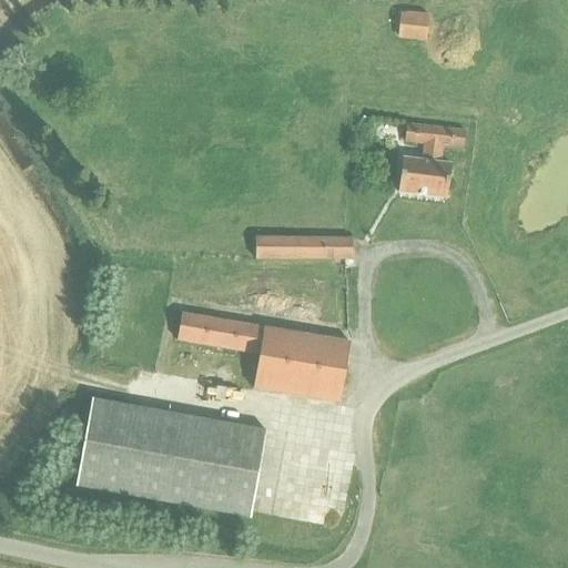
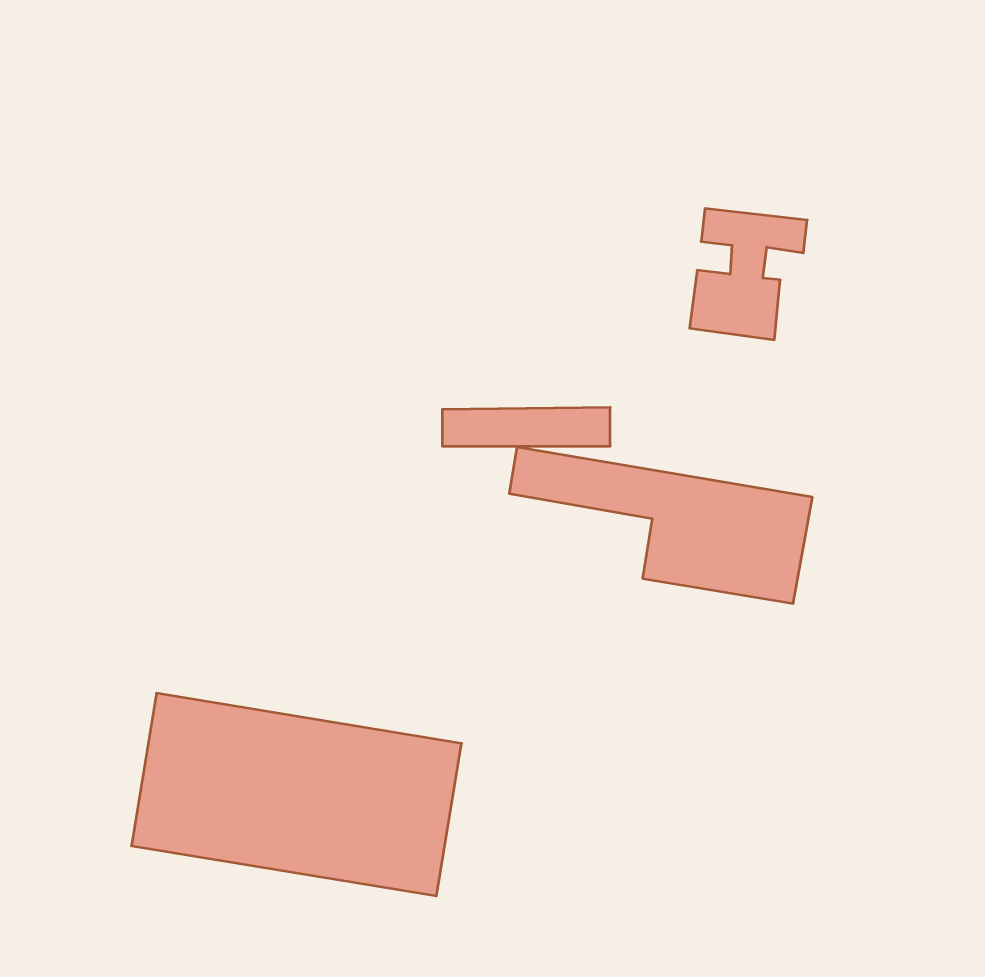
building: [398,10,429,34] -> none
building: [176,311,351,400] -> [509,447,812,603]

